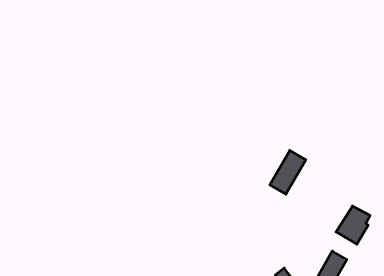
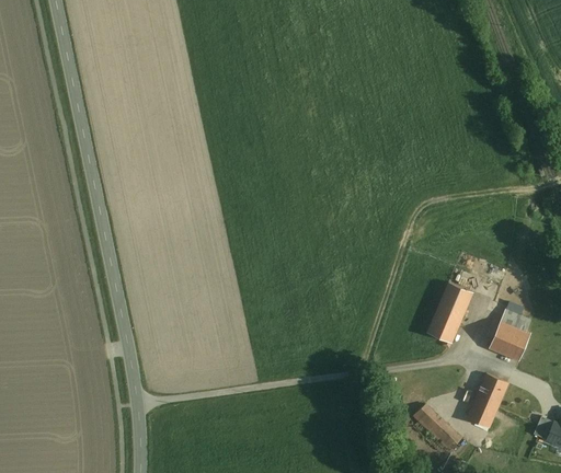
building: [270,150,306,194] -> [427,282,471,342]

